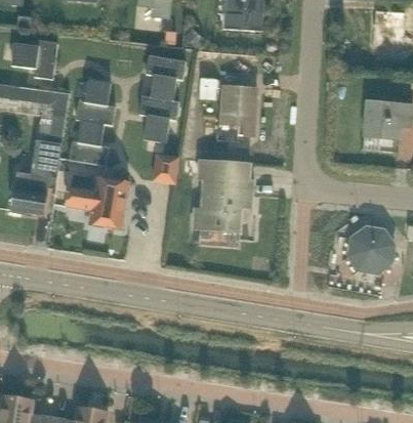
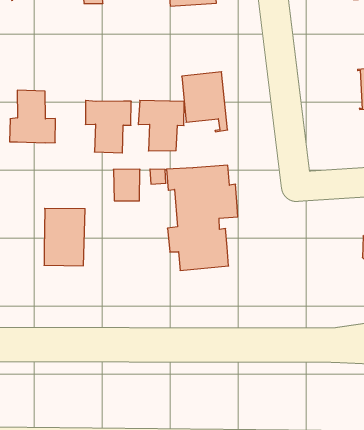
building: [144,54,184,99] -> [138,100,184,151]
building: [68,120,108,165] -> none
building: [66,174,95,210] -> none

